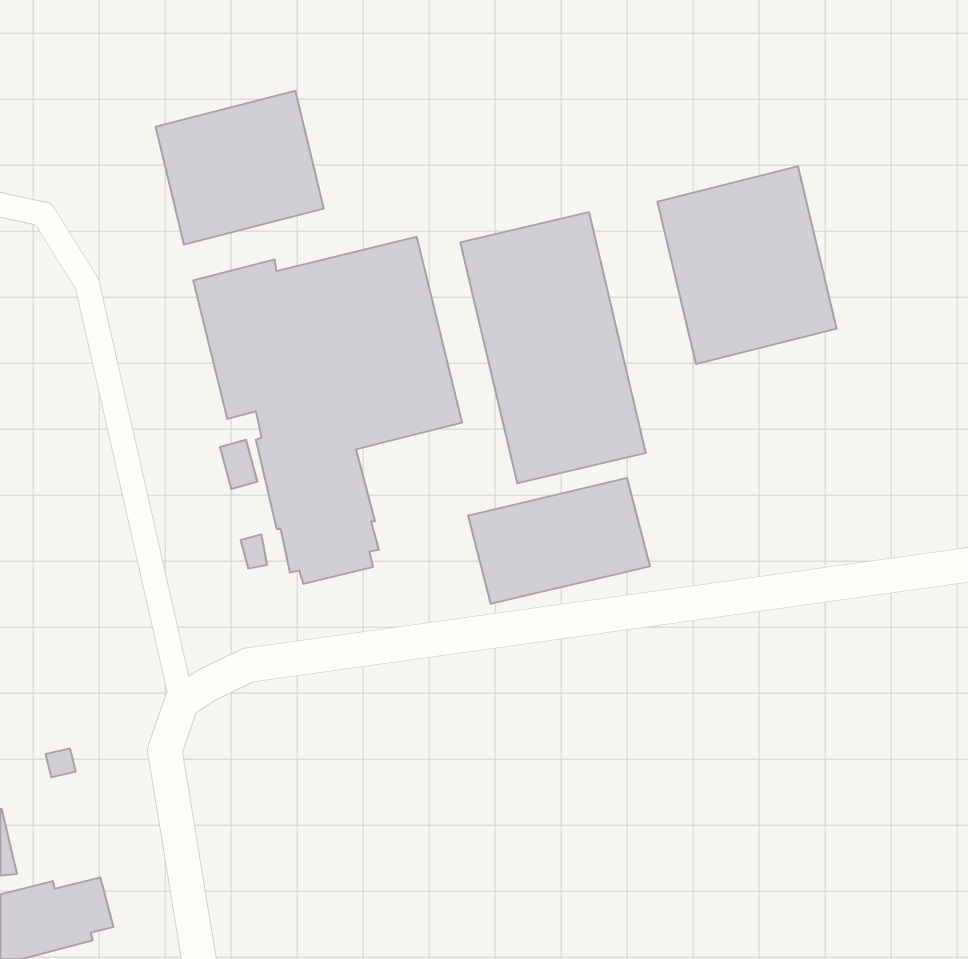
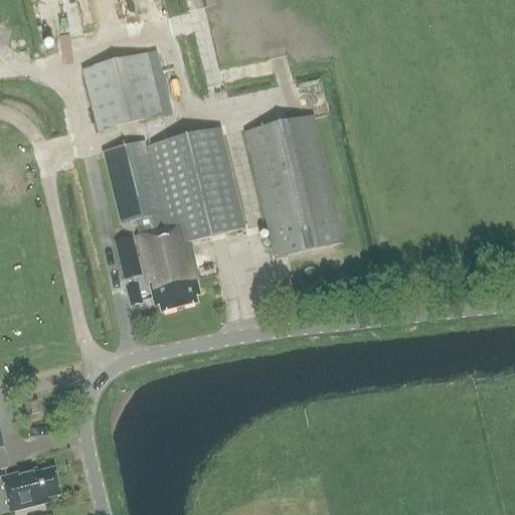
building: [658,166,836,364] -> none
building: [468,478,650,604] -> none

